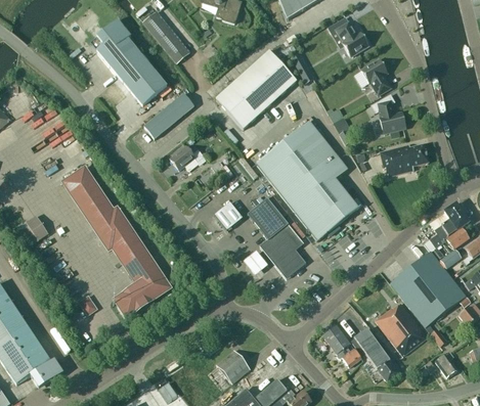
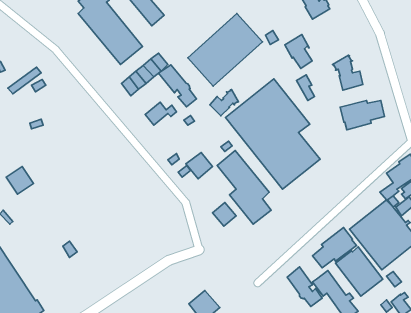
building: [360,57,390,94] -> [285,35,312,69]
building: none -> [159,65,197,107]
building: none -> [210,89,239,116]
building: [62,167,169,316] -> none
building: none -> [312,228,356,268]

